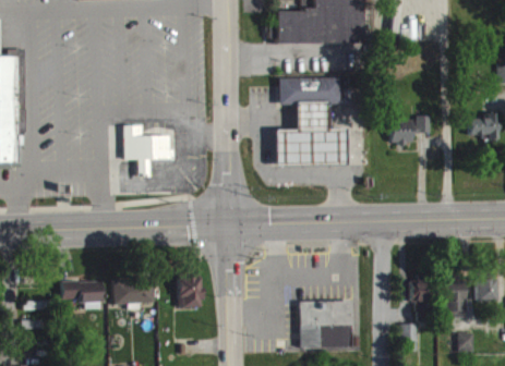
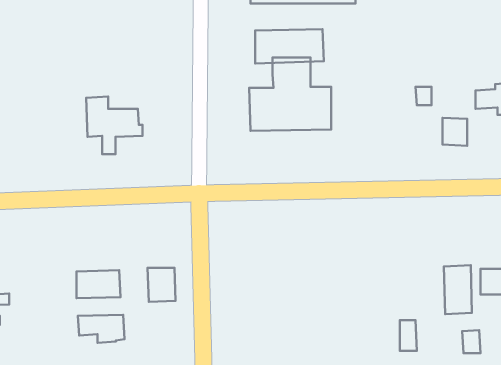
building: [392,120,413,145] -> [443,118,467,146]
building: [410,278,429,322] -> none
building: [62,281,104,306] -> [78,315,124,343]
building: [300,302,352,349] -> none

